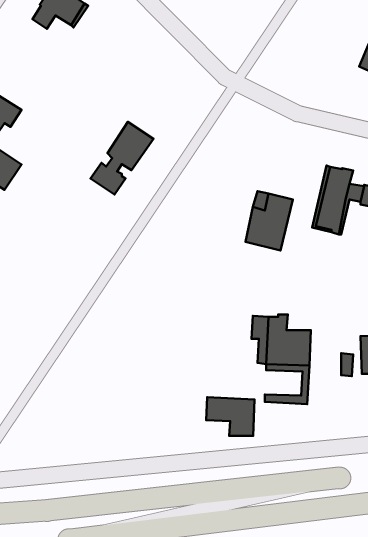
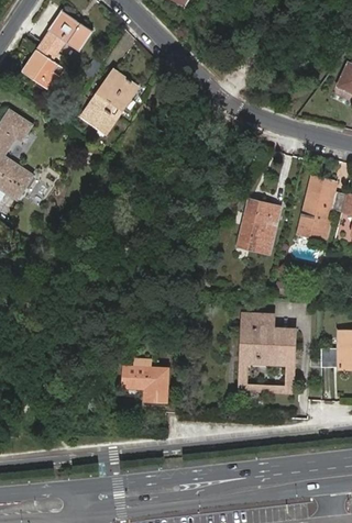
building: none -> [22,43,65,91]
building: [90,122,153,194] -> [82,65,140,131]
building: [206,397,254,436] -> [122,364,166,399]

